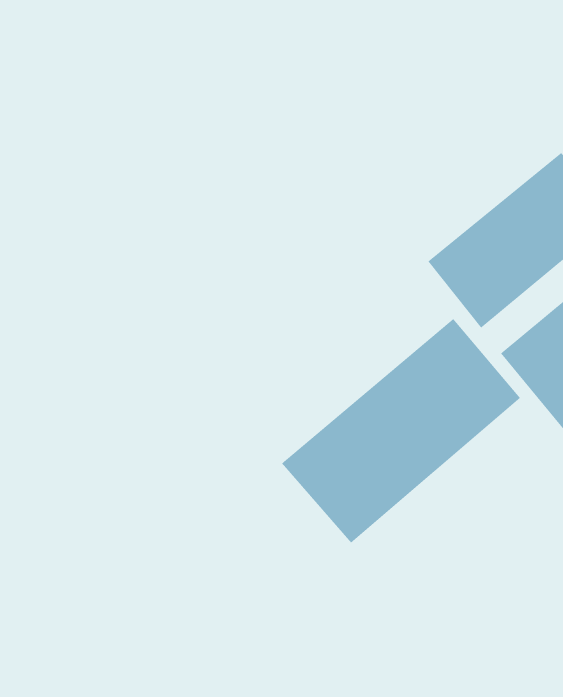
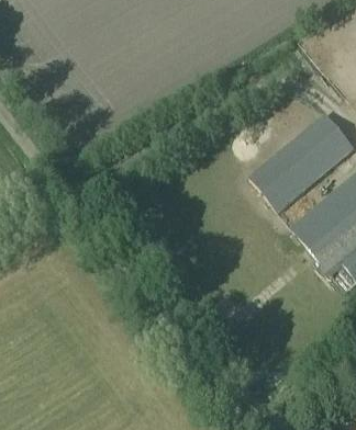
building: [281,318,521,543] -> none

